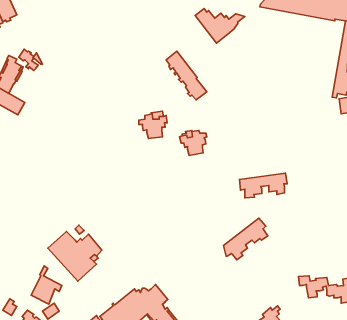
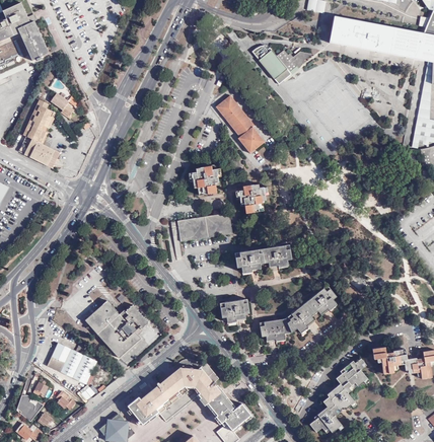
building: none -> [178,212,233,240]
building: [240,173,287,198] -> [235,243,290,272]
building: none -> [219,298,248,322]
building: none -> [259,316,289,341]
building: none -> [47,342,76,373]
building: none -> [336,363,369,390]

